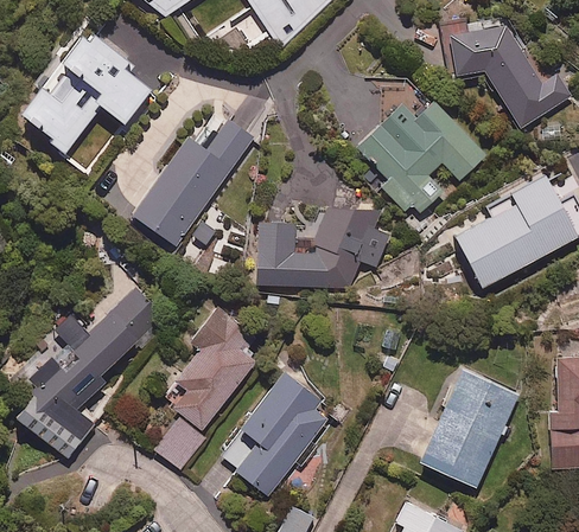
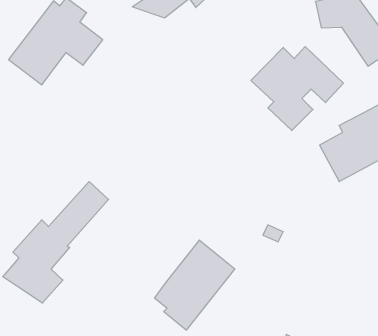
building: [133,120,254,246] -> none
building: [256,207,390,286] -> none
building: [157,305,260,466] -> none
building: [421,370,517,487] -> none

